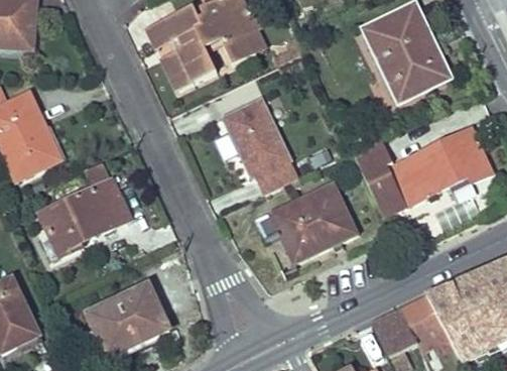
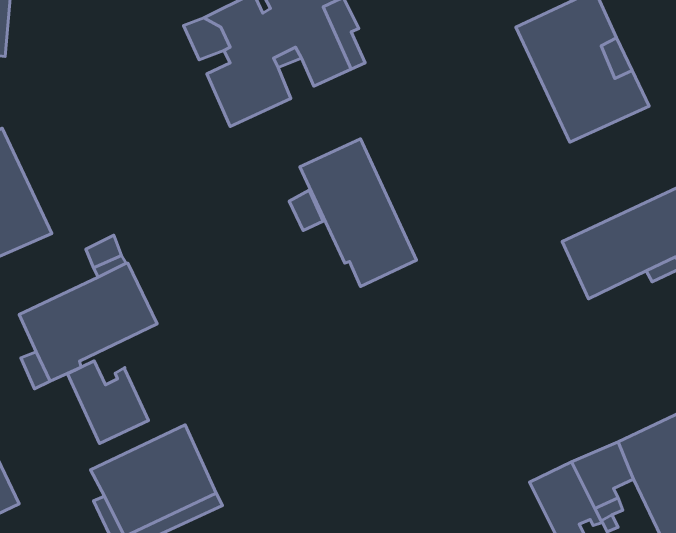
building: [352,139,406,215] -> none
building: [256,181,357,262] -> none
building: none -> [67,361,148,444]

